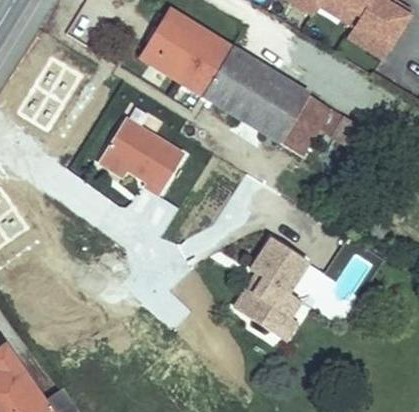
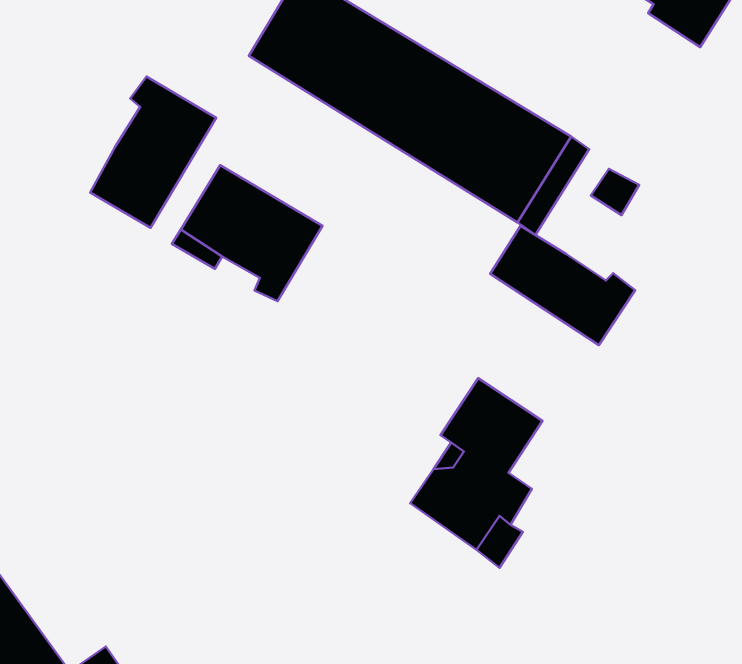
building: none -> [90,76,216,228]
building: none -> [490,226,635,345]

